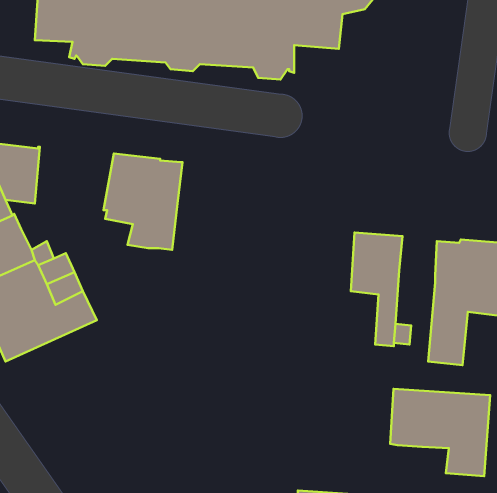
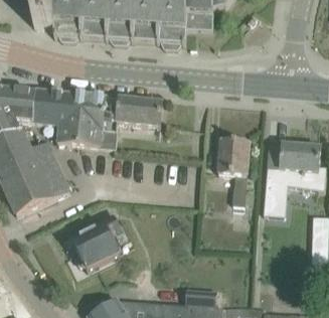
building: none -> [33,88,91,145]
building: none -> [117,97,162,126]
building: none -> [71,215,123,270]
building: [390,389,490,476] -> none

